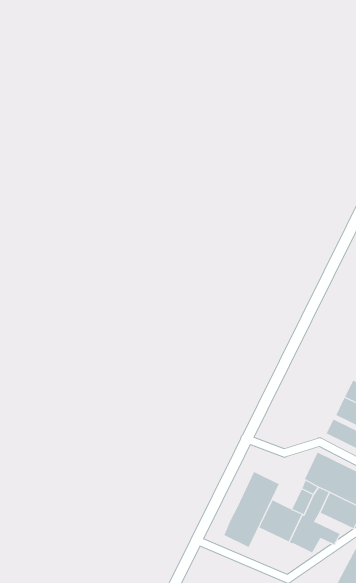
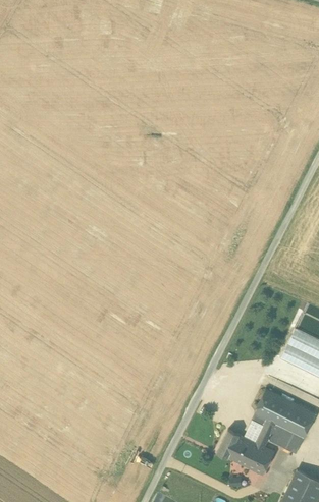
building: [223,471,280,548] -> none

